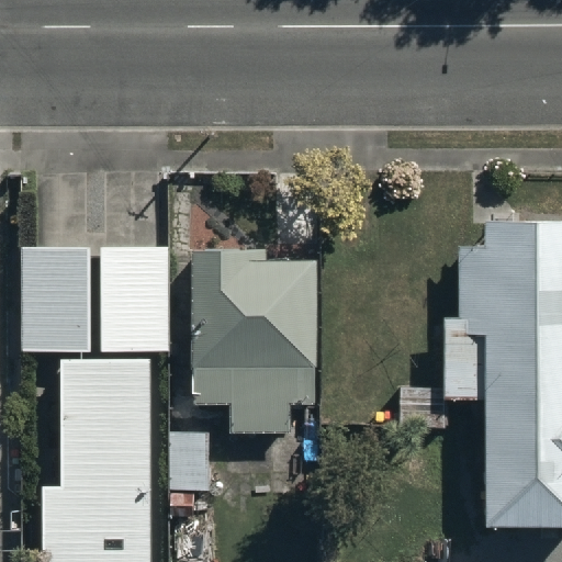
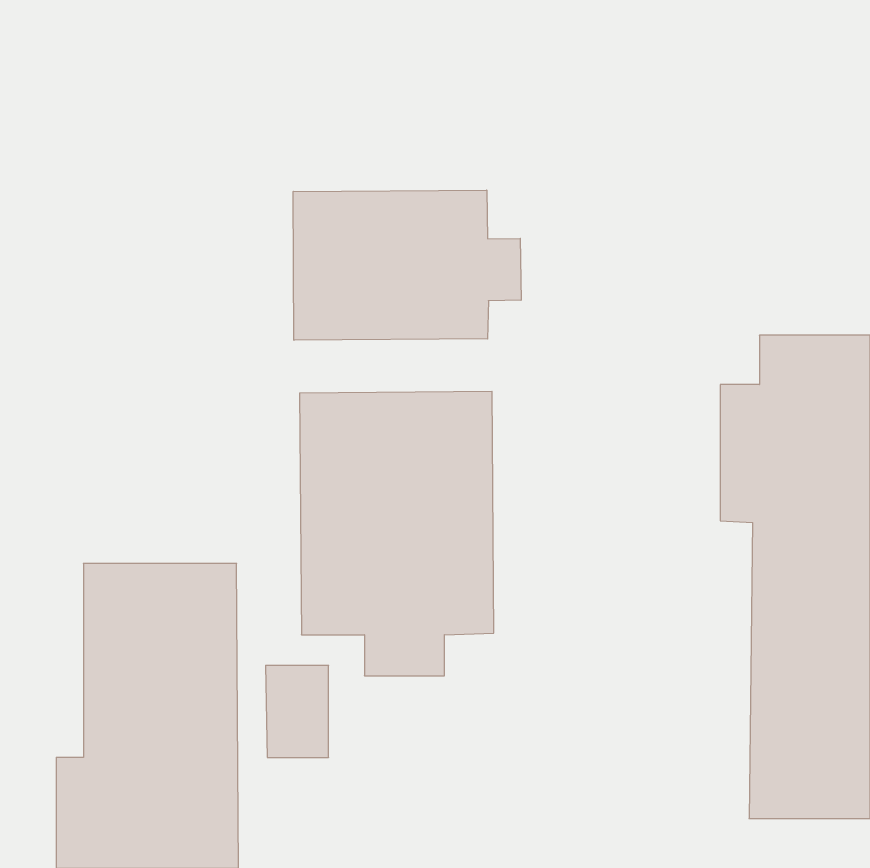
building: none -> [293,190,521,340]
building: [20,247,170,351] -> none

